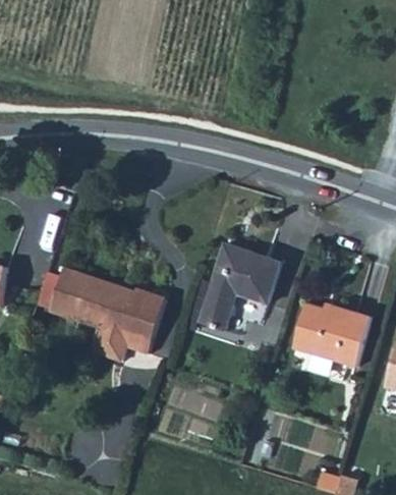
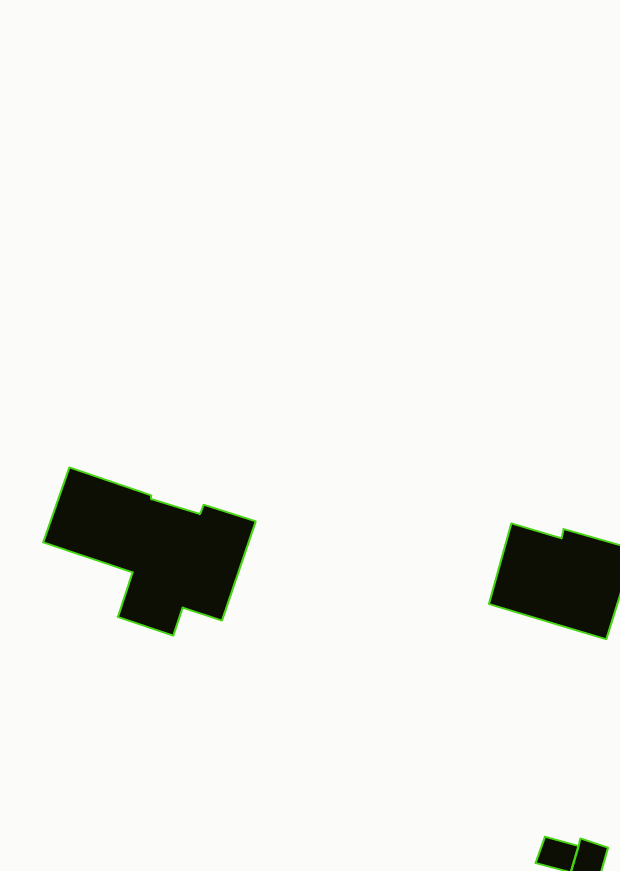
building: [196,243,280,330] -> none

